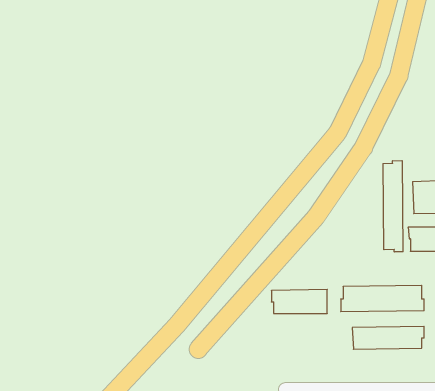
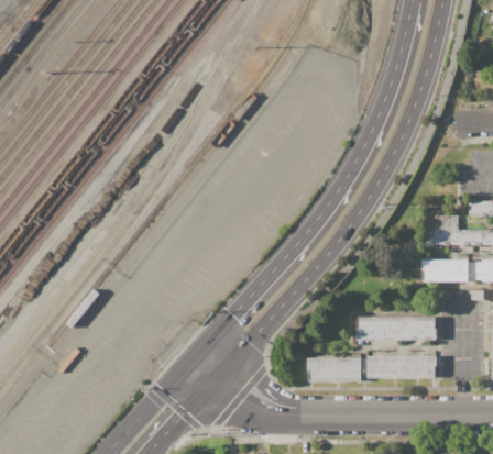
building: [383,161,403,252] -> none
building: [271,289,327,313] -> [307,357,361,380]

